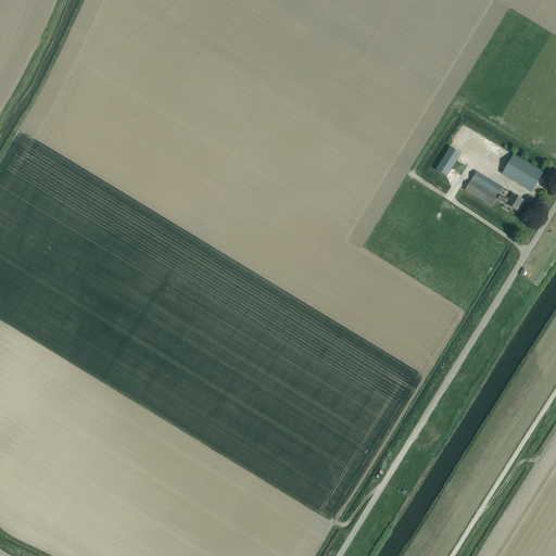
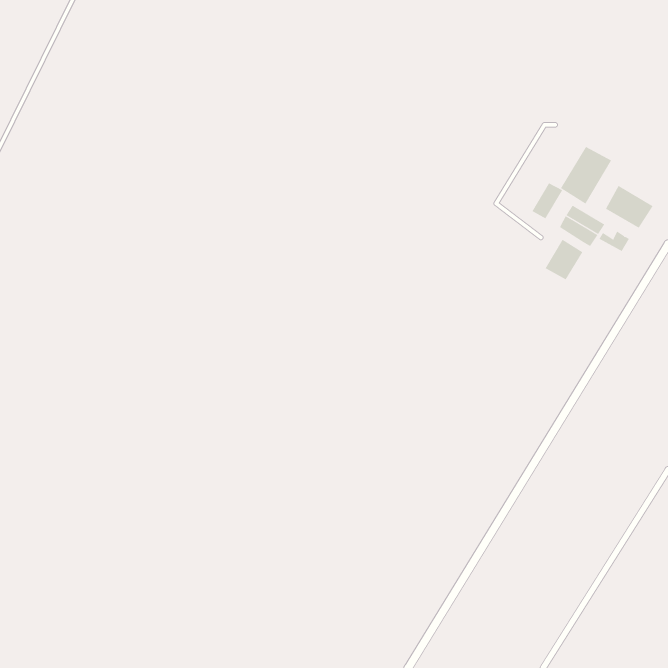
building: none -> [560,146,612,205]
building: none -> [545,239,583,280]

